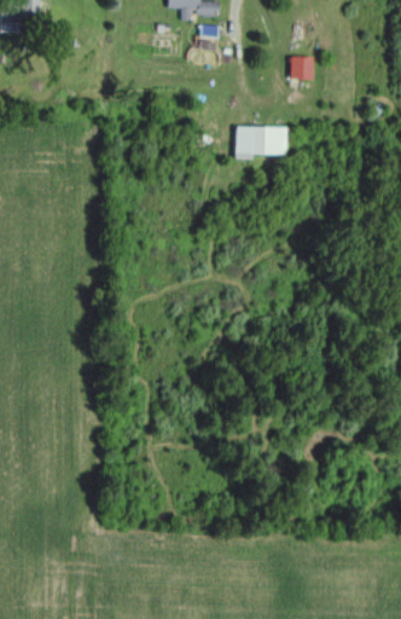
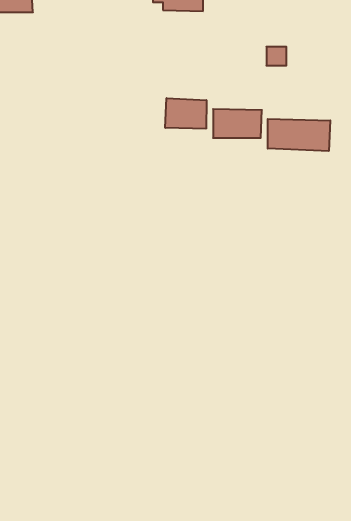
building: none -> [165,98,206,129]
building: none -> [268,119,330,151]

